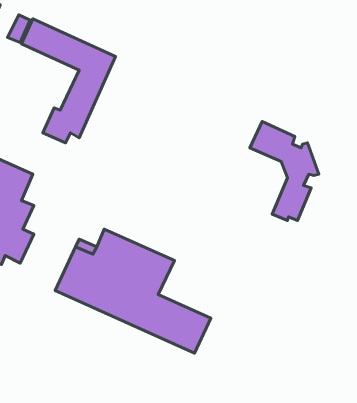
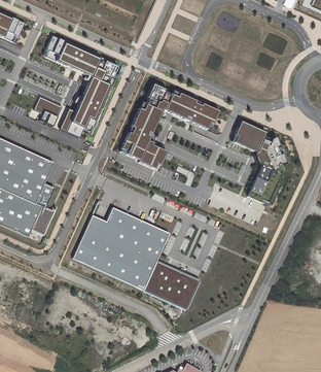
building: none -> [122,81,219,169]
building: none -> [34,96,62,125]

